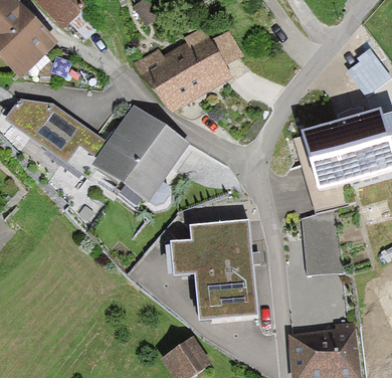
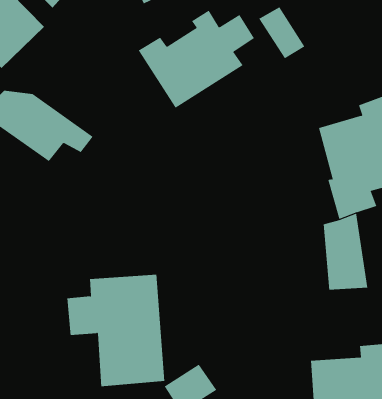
building: none -> [258,7,305,59]
building: [93,106,189,202] -> none
building: [169,224,256,324] -> [66,274,165,387]

